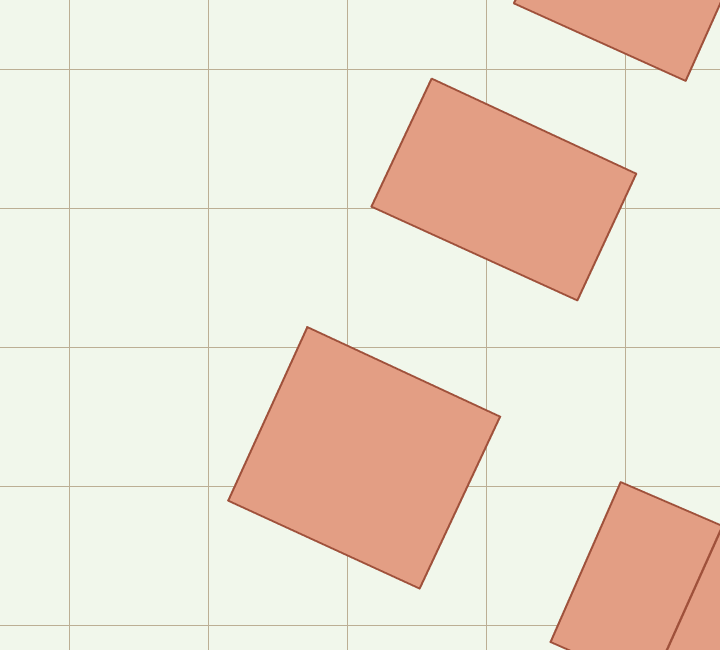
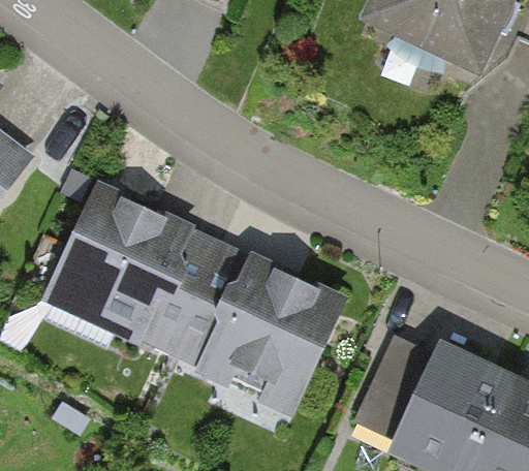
building: [372,79,636,300] -> none
building: none -> [44,184,219,357]

